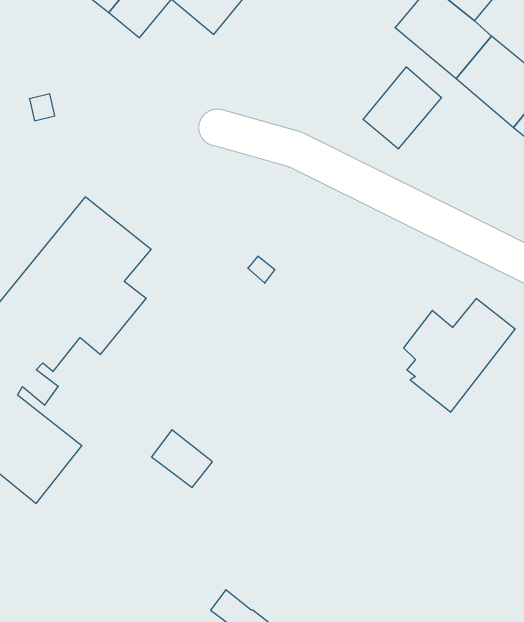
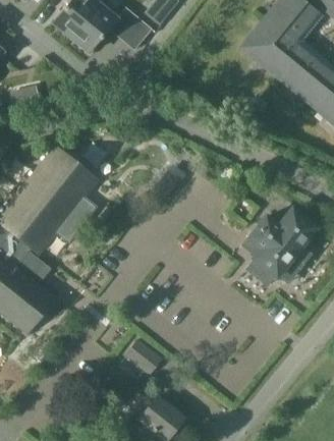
building: [363,67,442,149] -> none
building: [151,430,212,487] -> [124,339,161,374]

